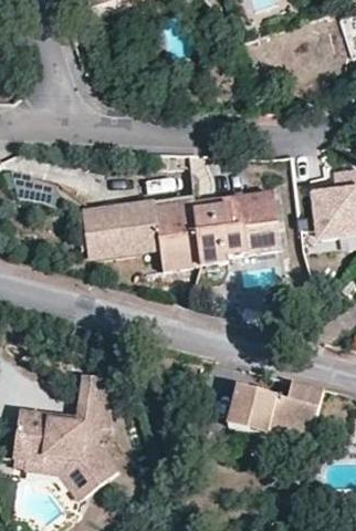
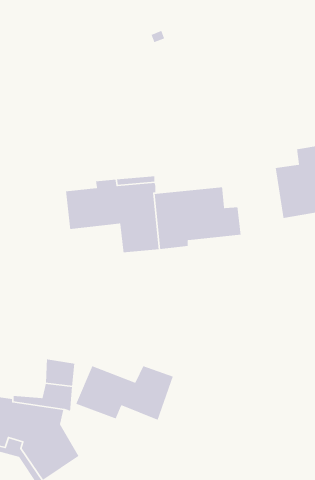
building: [192,196,274,227] -> none
building: [78,200,156,258] -> none
building: [224,382,323,437] -> [75,365,174,421]

